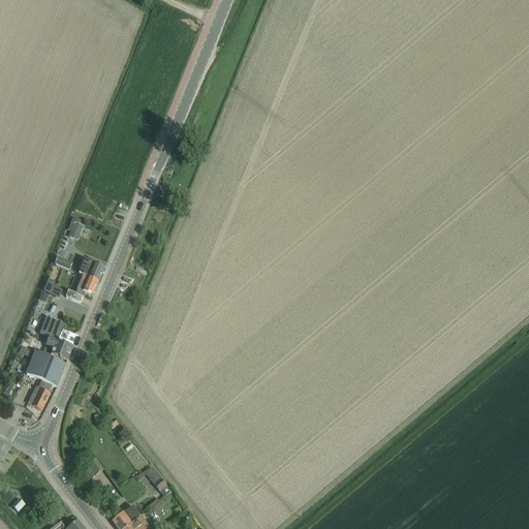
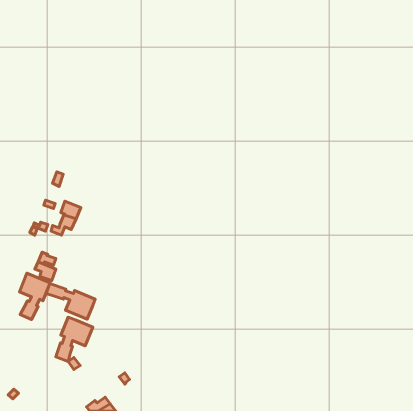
building: none -> [46,284,95,319]
building: none -> [56,317,93,362]

